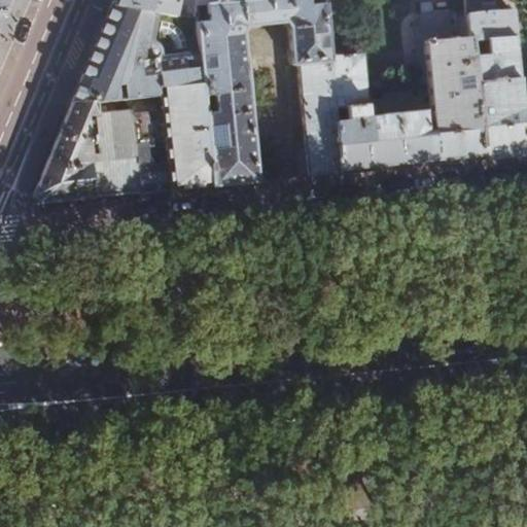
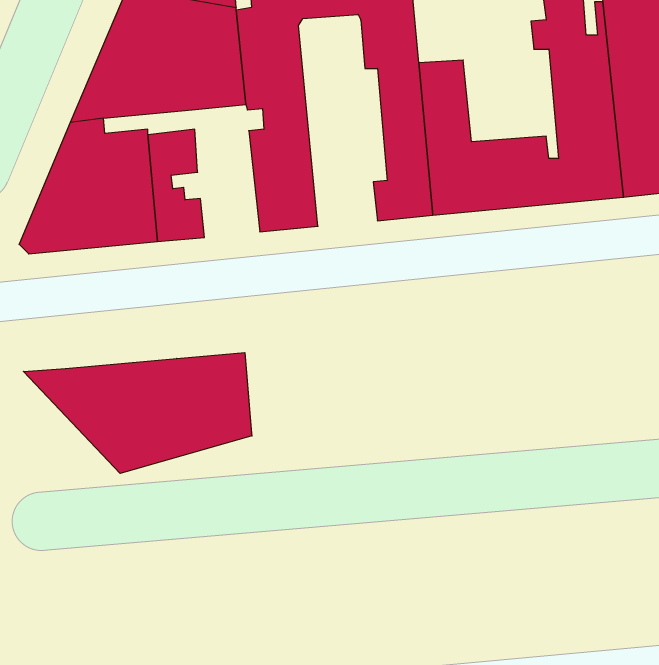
building: [166,87,216,186] -> none
building: none -> [23,353,252,473]

